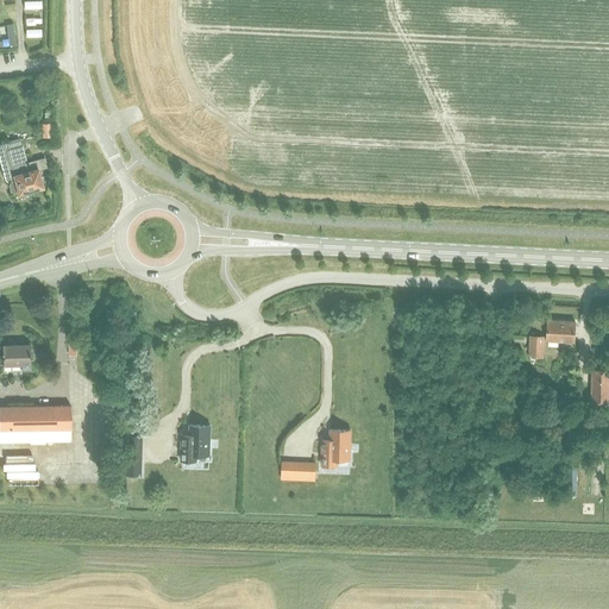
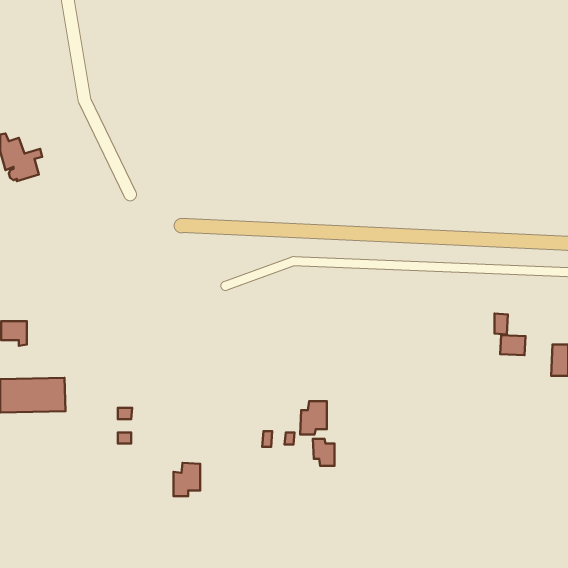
building: [547,320,575,341] -> [500,335,526,355]
building: [181,425,209,460] -> [174,463,200,496]
building: none -> [313,439,334,466]

